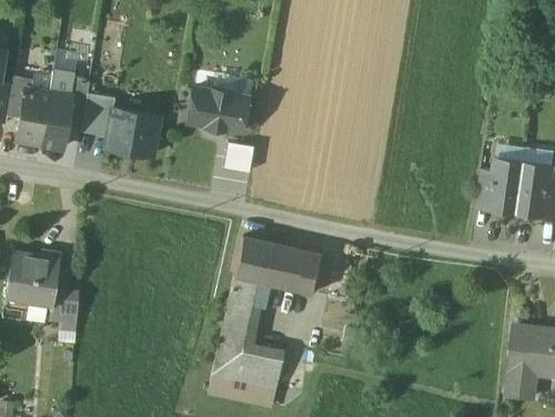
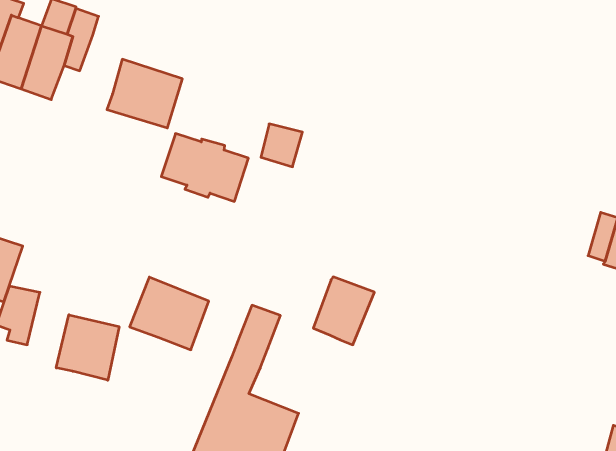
building: [188,88,250,131] -> [161,134,248,201]
building: [83,95,114,136] -> none
building: [236,237,292,286] -> [130,277,209,350]
building: none -> [56,315,119,380]

